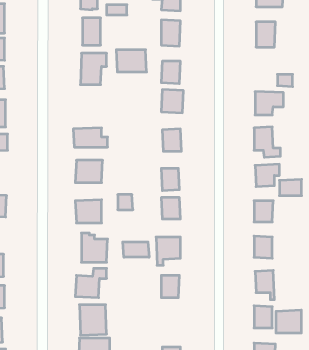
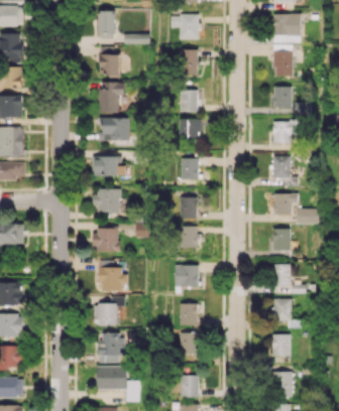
building: [116,50,147,72] -> [100,119,130,141]
building: none -> [273,87,293,109]
building: [123,242,149,257] -> none
building: none -> [180,333,199,356]
building: [276,310,301,333] -> none

